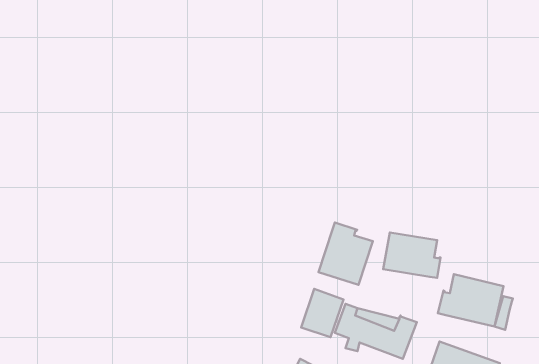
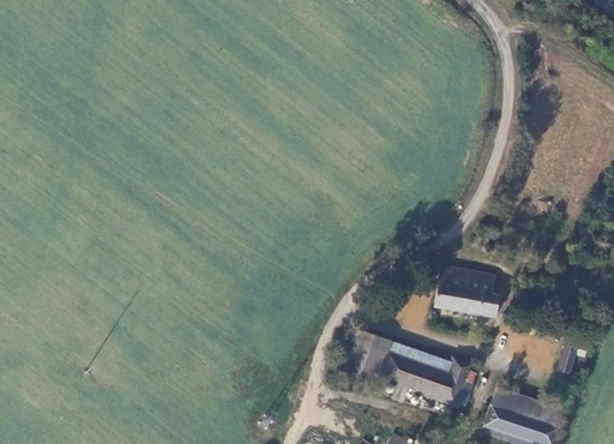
building: [318,223,373,285] -> none
building: [438,274,504,327] -> none

